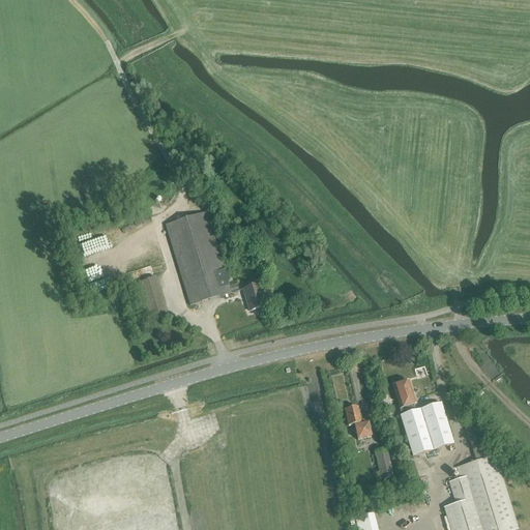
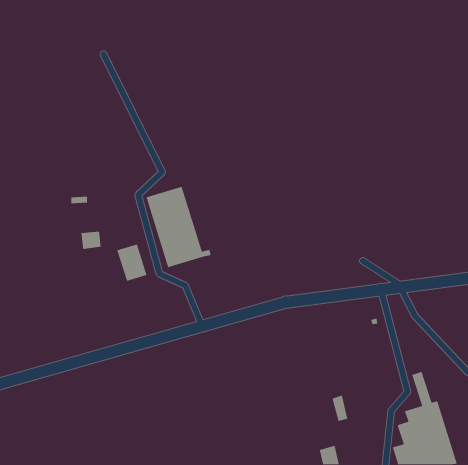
building: [242,283,266,310] -> none
building: [392,377,416,407] -> none
building: [402,401,452,453] -> none
building: [345,405,371,438] -> none

